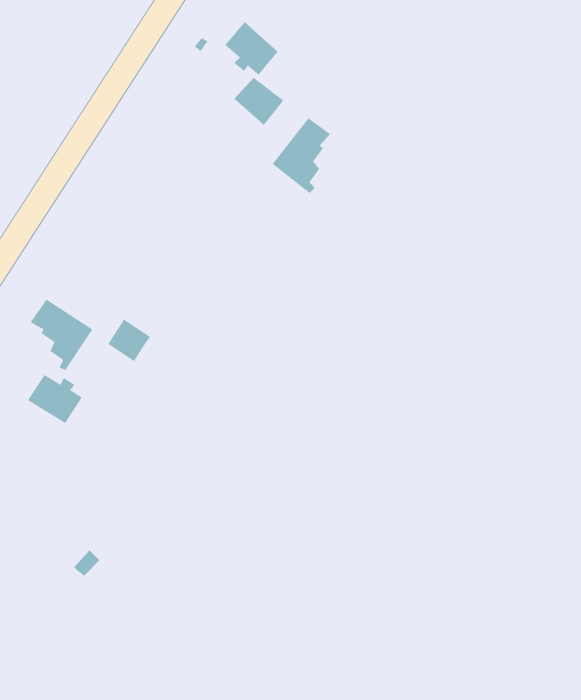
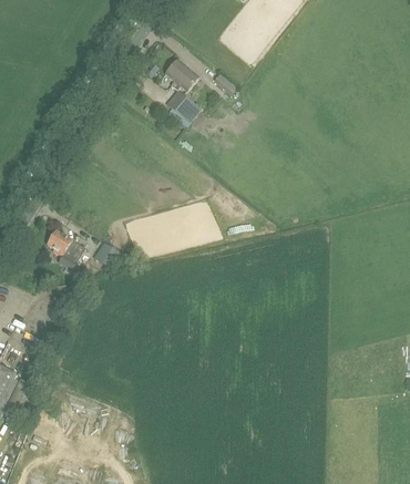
building: [272,117,331,194] -> none
building: [27,374,82,424] -> none

